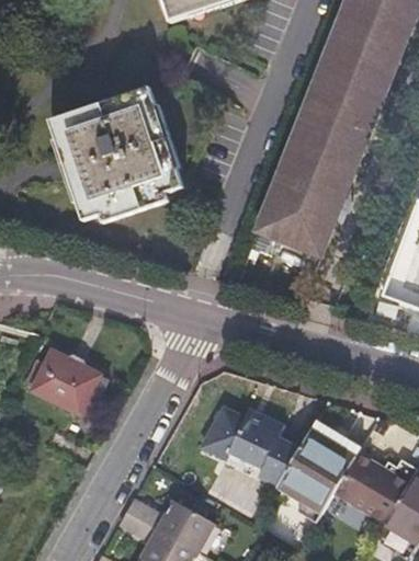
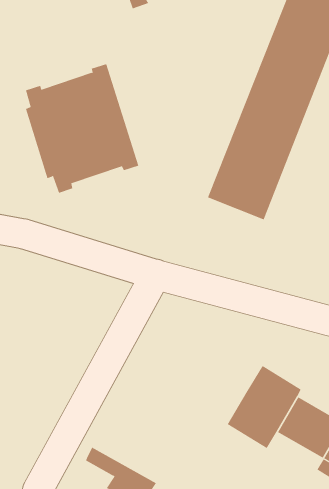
building: [33,350,101,412] -> none
building: [202,408,297,484] -> none
building: [126,497,215,550] -> none

